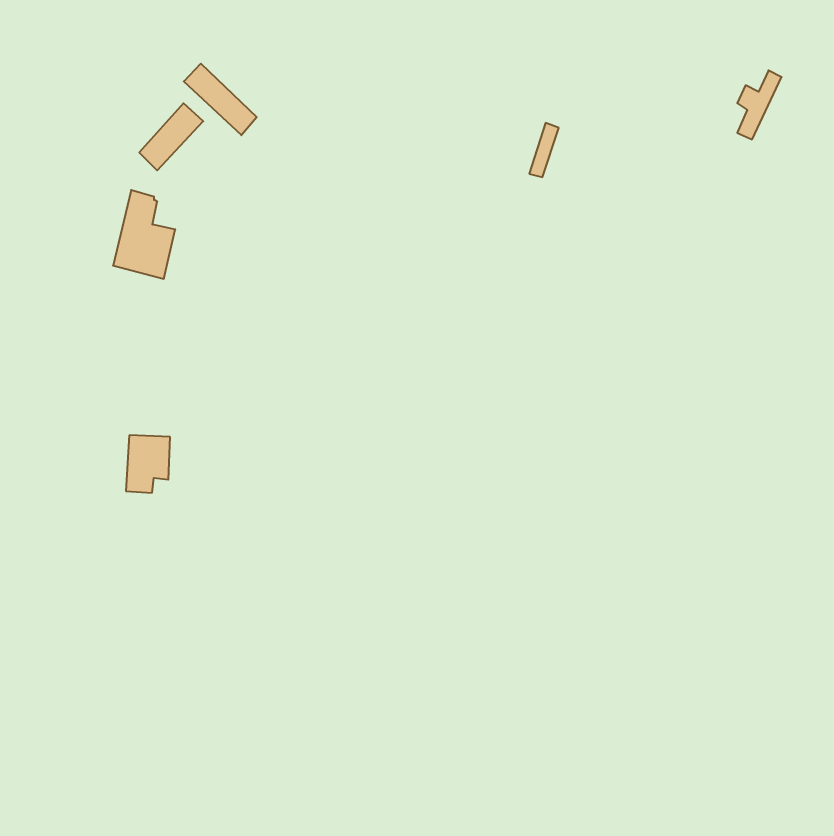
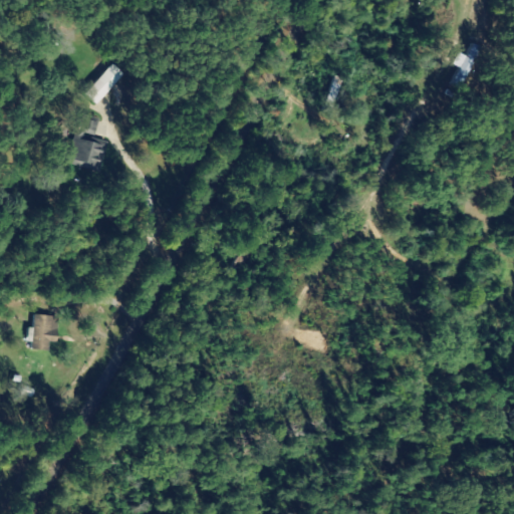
building: [184,64,257,135] -> none
building: [126,435,170,493] -> [31,315,58,350]

